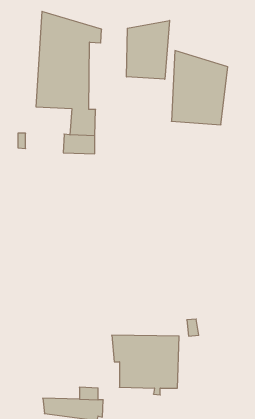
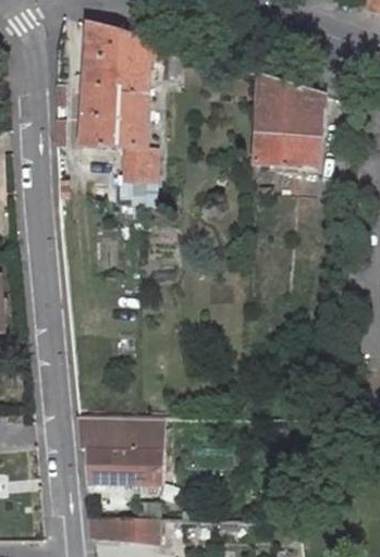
building: [127,20,170,79] -> none
building: [112,335,179,395] -> [77,416,163,492]

